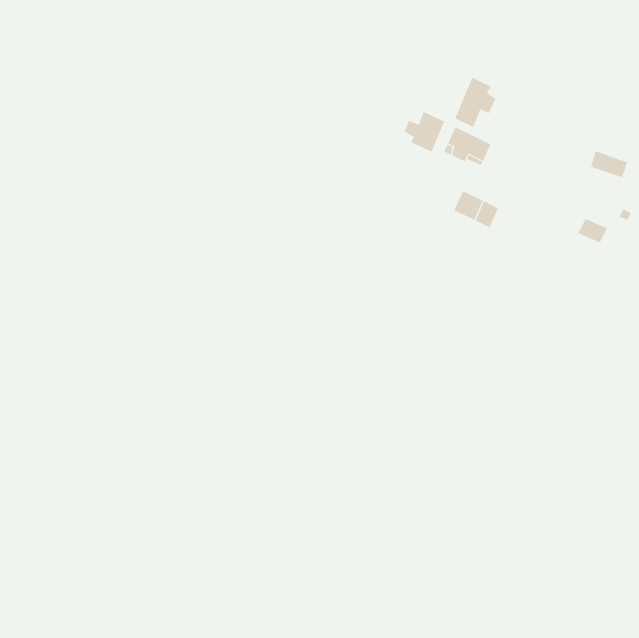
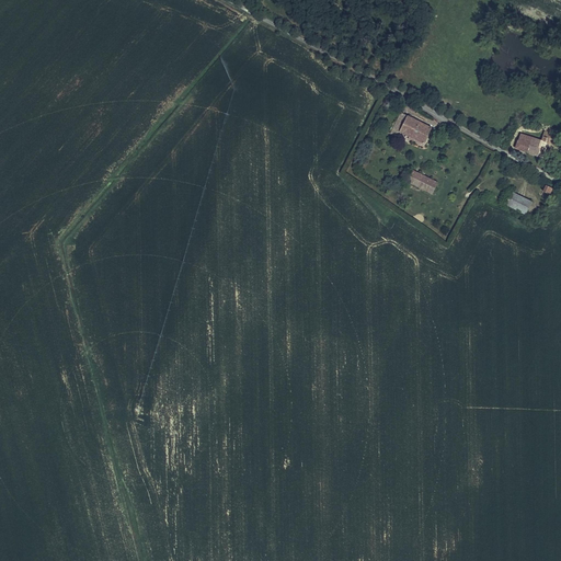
building: [455,77,496,128] -> none
building: [404,111,445,153] -> none

